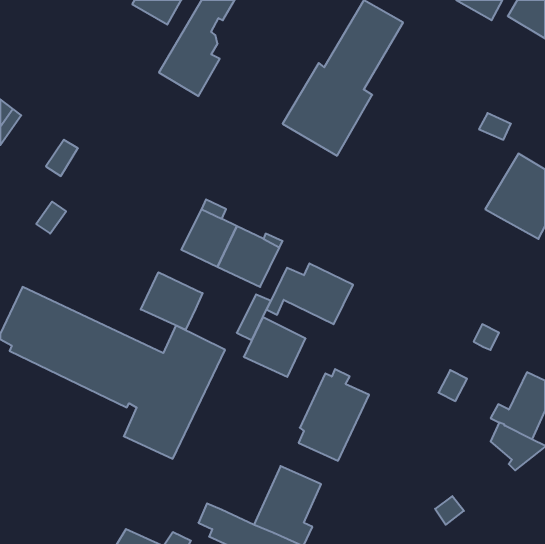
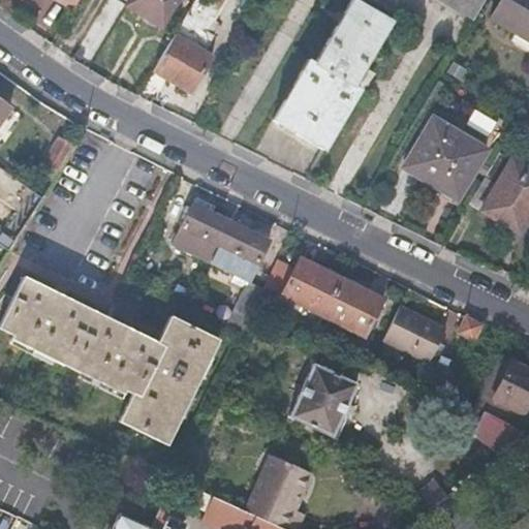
building: none -> [405,118,488,199]
building: [141,272,203,330] -> none
building: none -> [383,305,446,361]
building: [244,317,306,377] -> [323,277,383,335]

